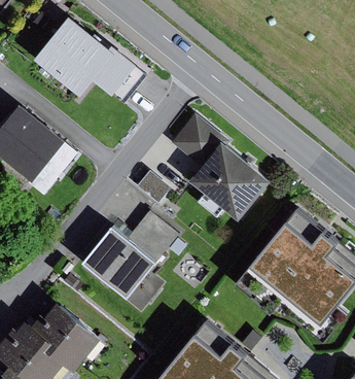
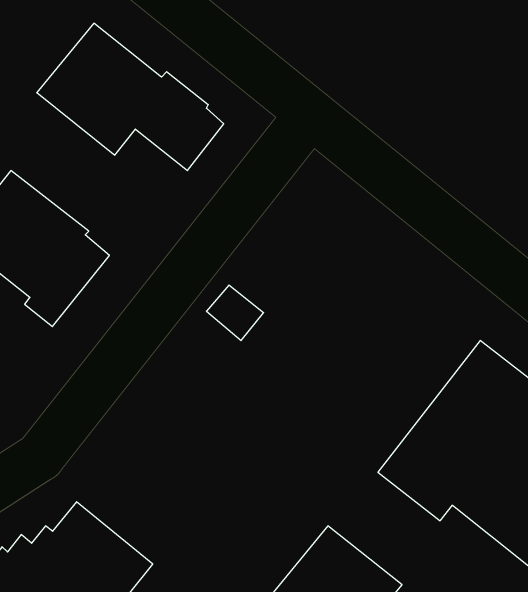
building: [169,114,271,222] -> none
building: [82,212,177,300] -> none

